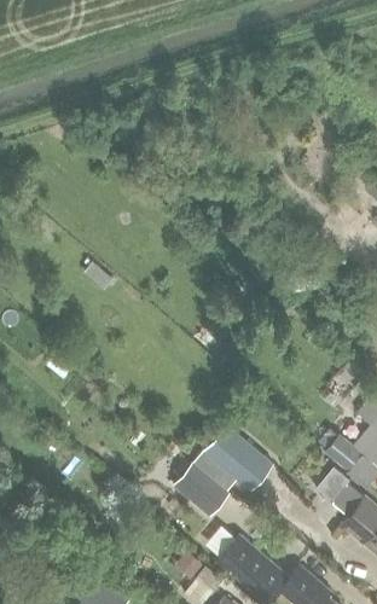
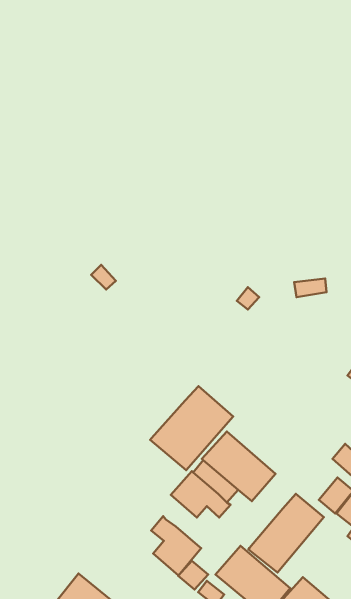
building: none -> [150,386,233,470]
building: none -> [248,494,324,573]
building: none -> [151,516,201,575]

